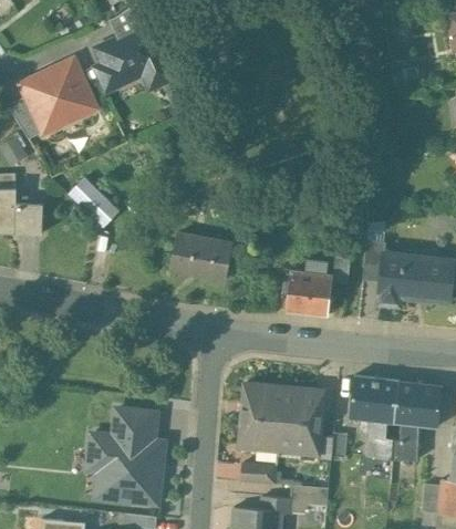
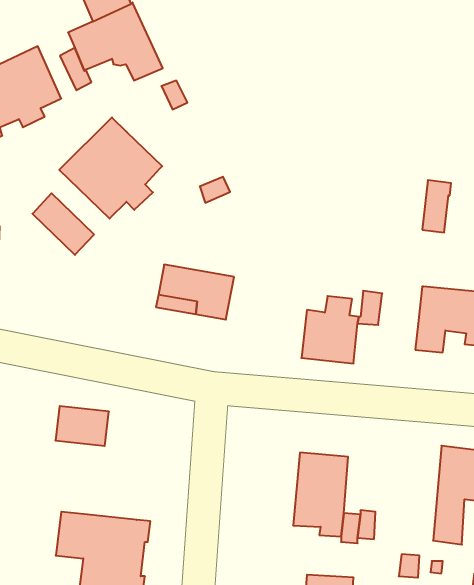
building: none -> [59,117,162,219]
building: [362,240,385,282] -> [422,180,451,232]
building: [350,375,398,457] -> none
building: [239,383,284,448] -> none
building: [113,408,156,440] -> [55,406,109,446]
building: [242,461,277,484] -> none

